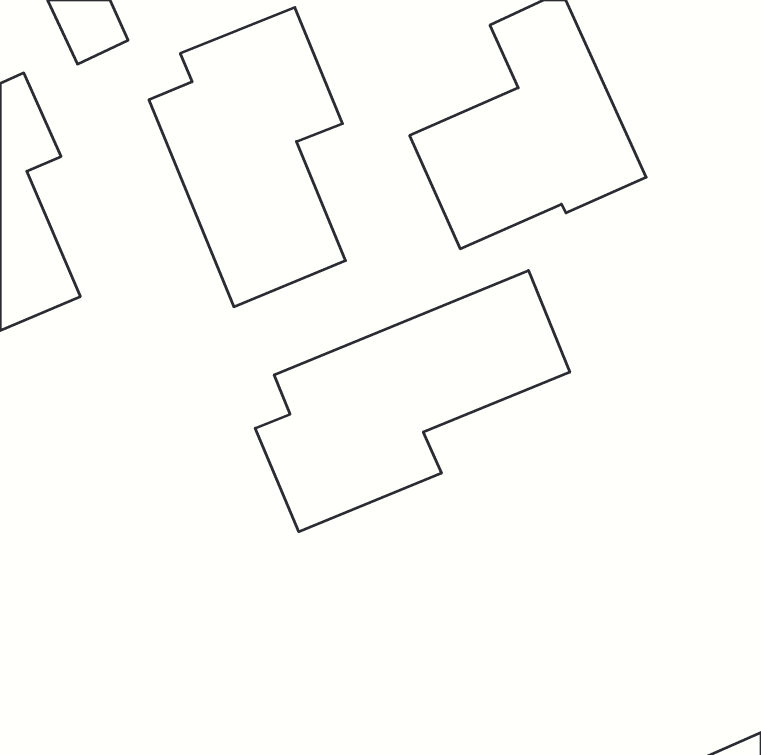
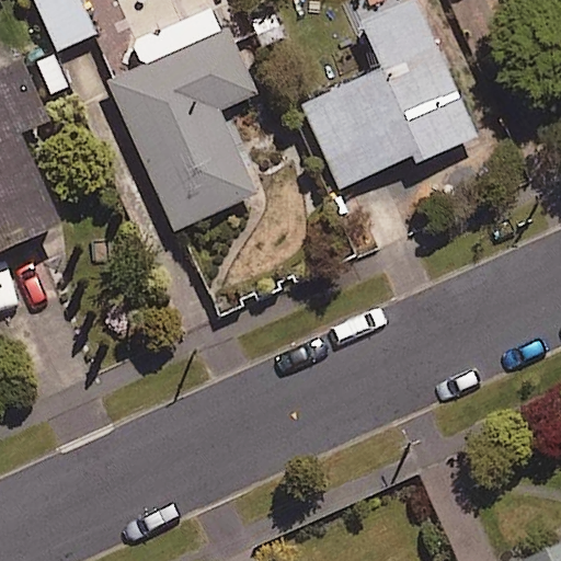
building: [255,270,570,532] -> none

